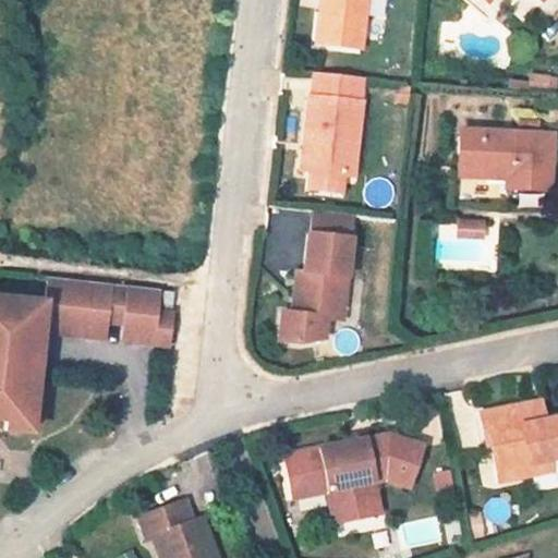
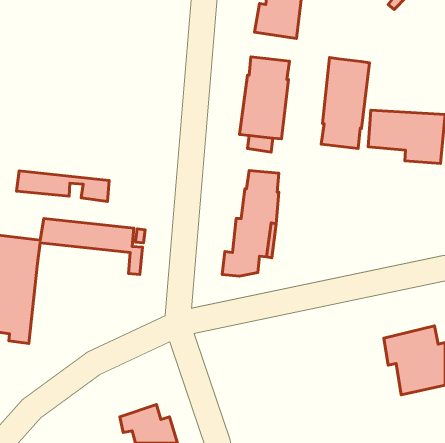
building: none -> [321,57,369,149]
building: [47,303,162,341] -> [17,171,109,201]
building: [289,434,427,523] -> none

